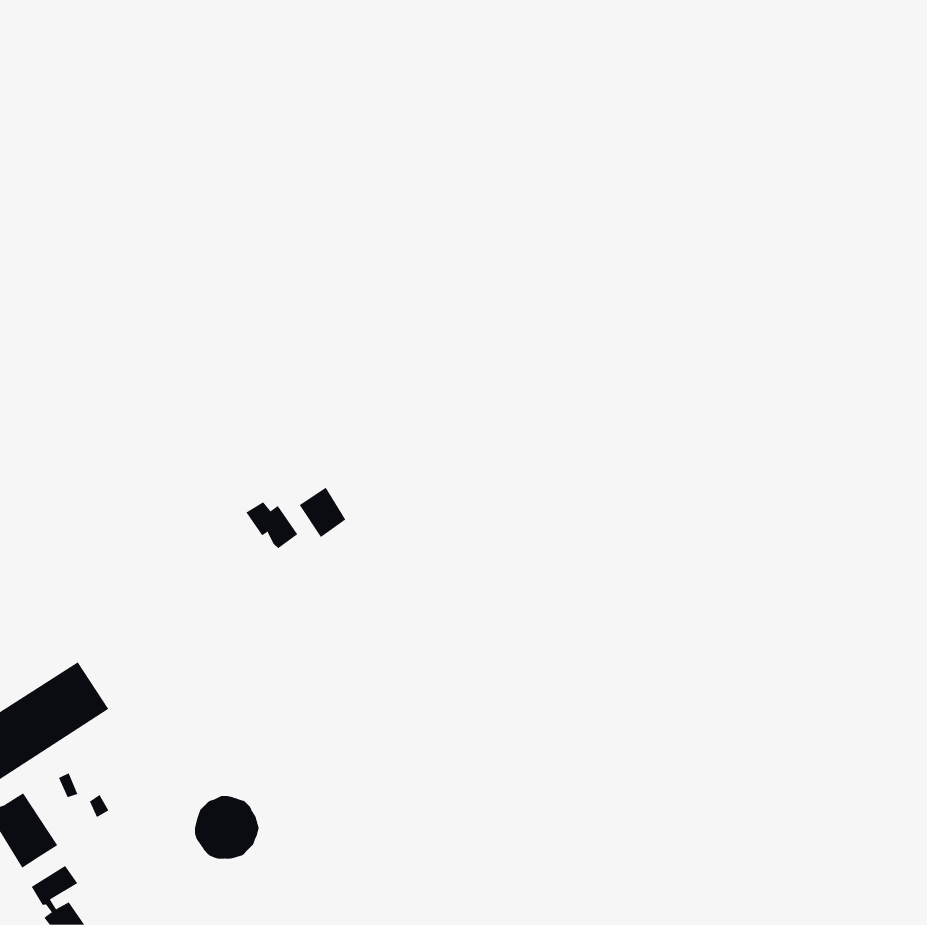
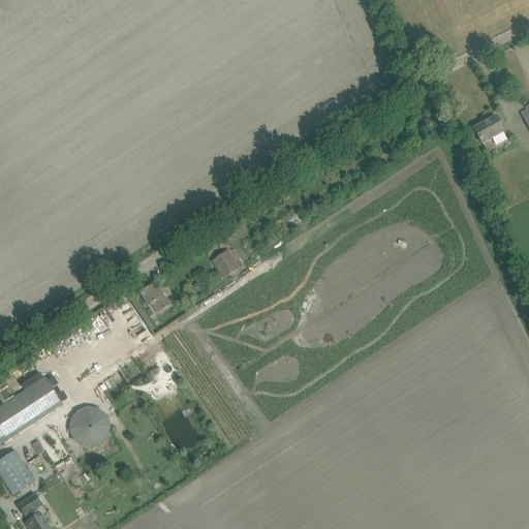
building: none -> [473,115,503,143]
building: [299,487,346,538] -> [212,249,239,278]
building: [194,795,259,859] -> [68,405,105,441]

